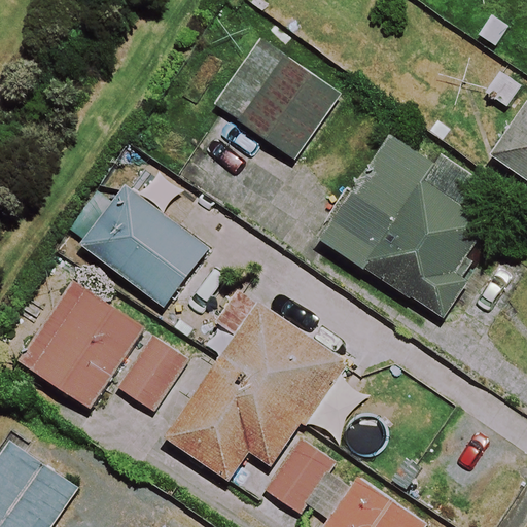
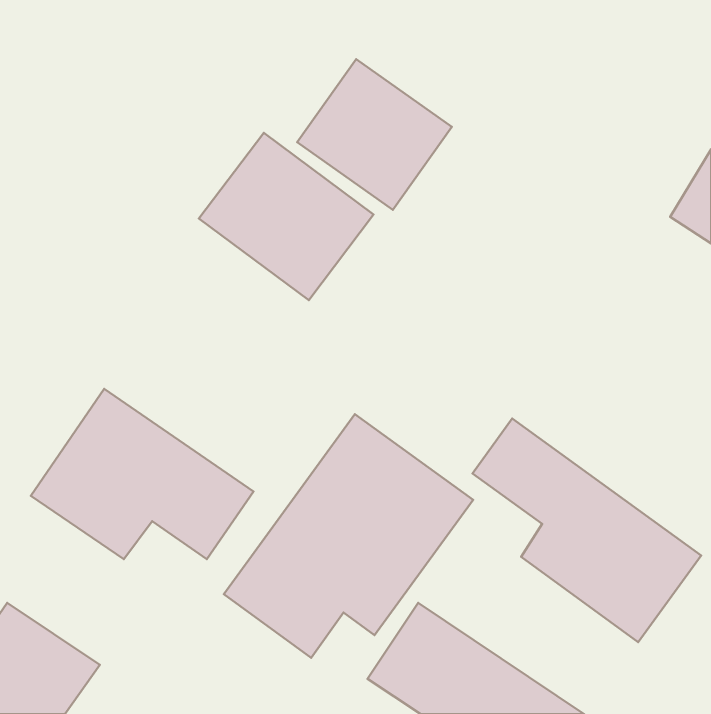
building: [325,140,486,318] -> none
building: [81,182,209,305] -> [199,133,374,300]
building: none -> [473,419,701,642]

